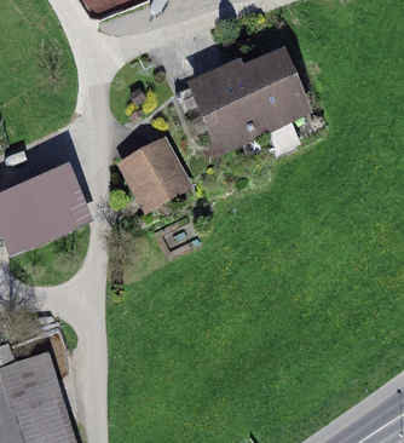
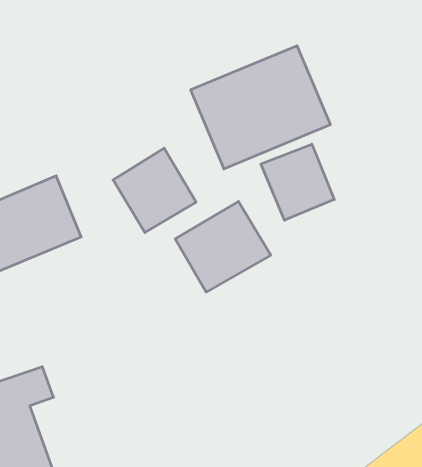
building: none -> [261,144,334,220]
building: none -> [175,201,271,292]

